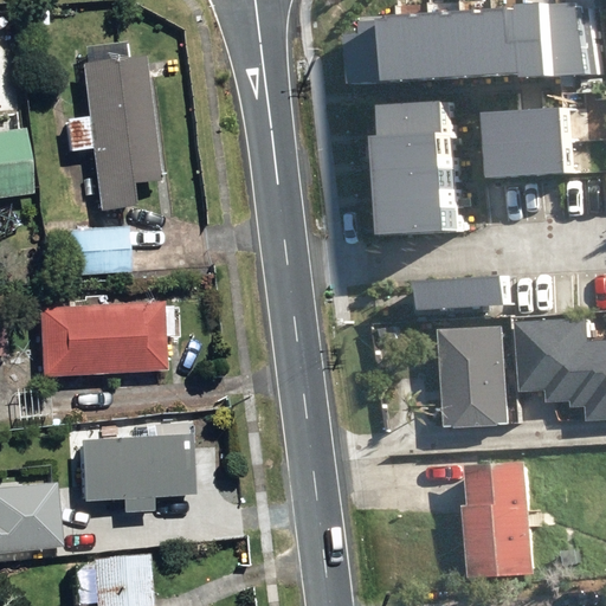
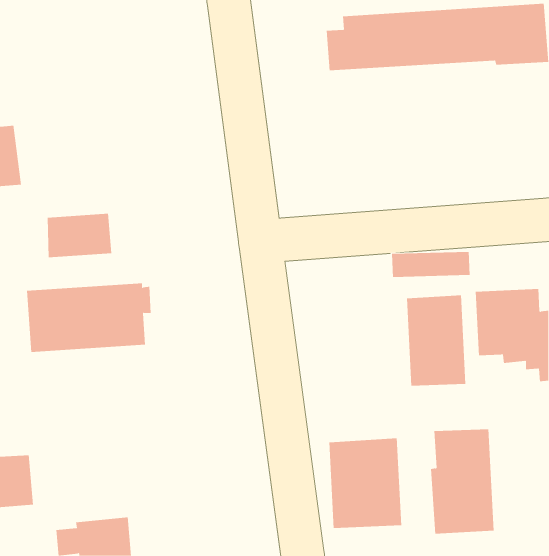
building: [57,46,153,219] -> none
building: [388,97,458,230] -> none
building: [492,102,575,173] -> none
building: [67,427,188,521] -> none
building: none -> [329,438,402,529]

